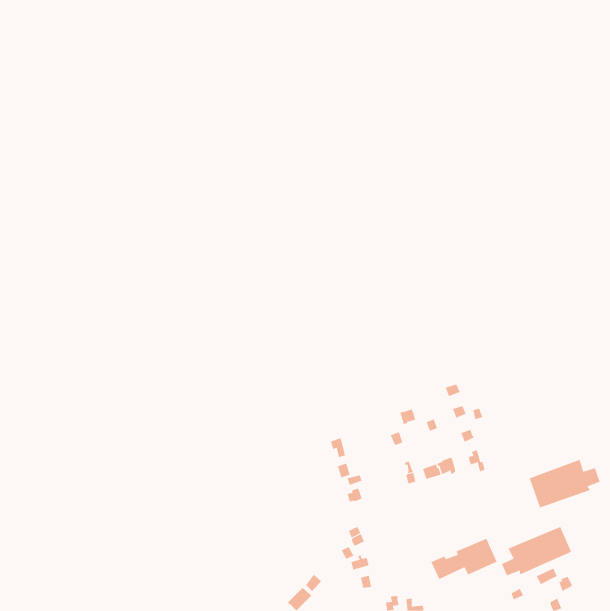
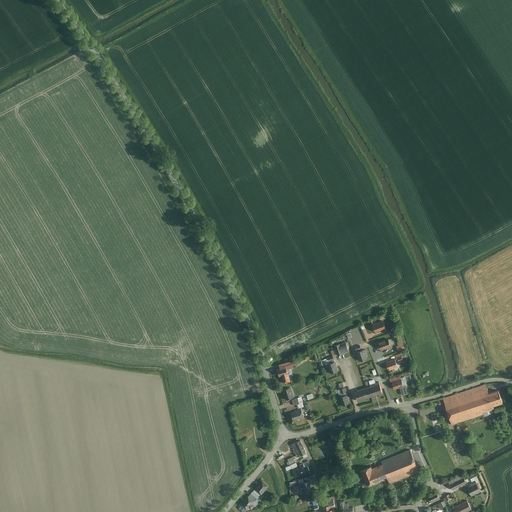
building: [501,526,572,576] -> none

